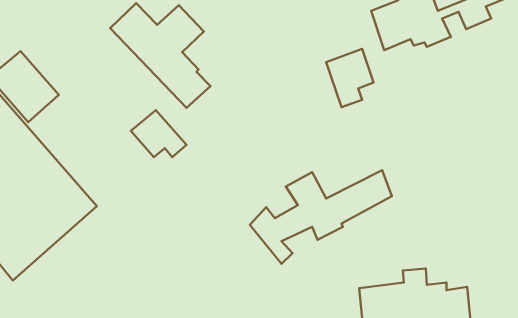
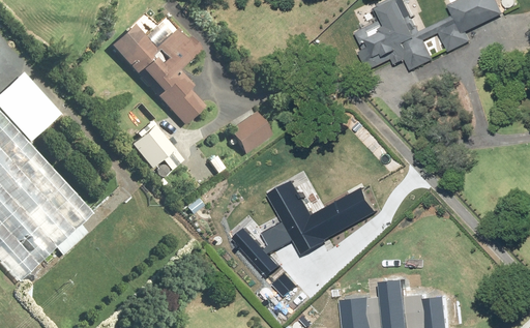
building: [326,49,374,107] -> none
building: none -> [224,112,269,154]

